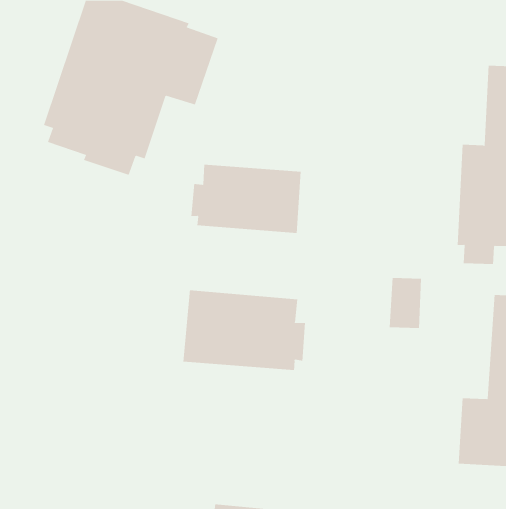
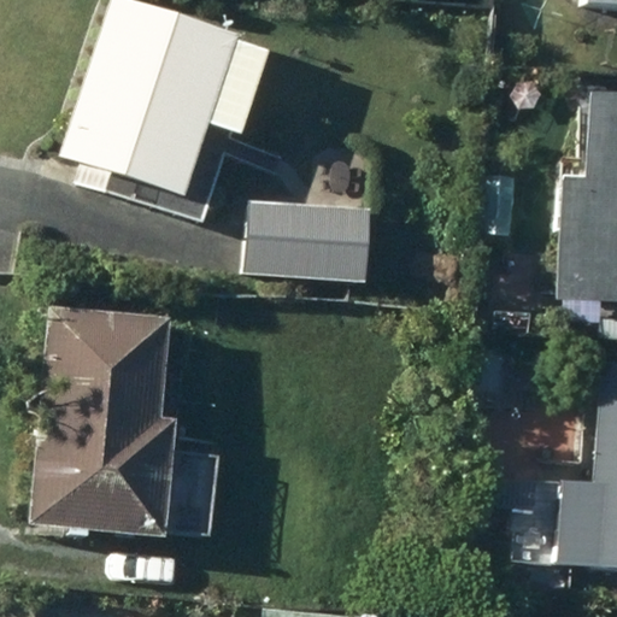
building: none -> [33,308,180,535]
building: [183,290,305,371] -> none

